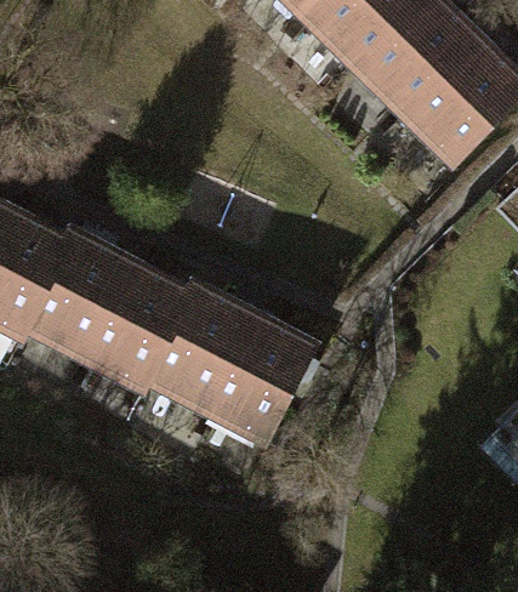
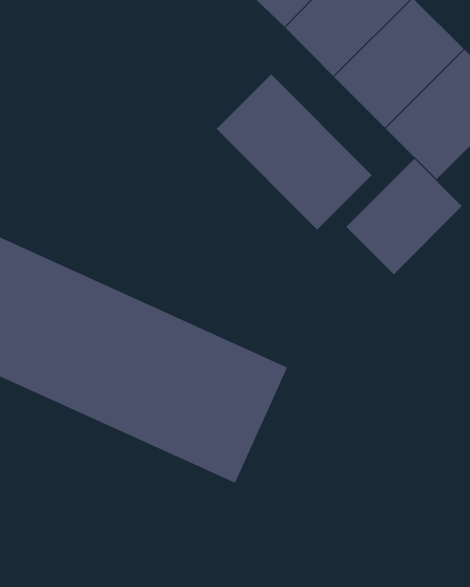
building: none -> [216,74,372,230]
building: none -> [346,158,463,275]

